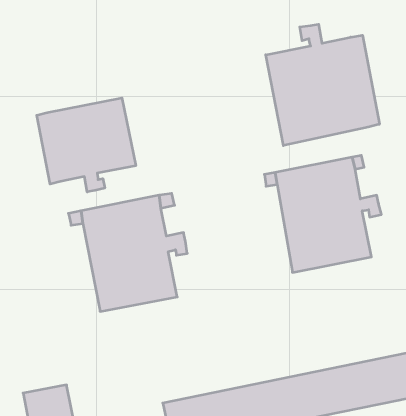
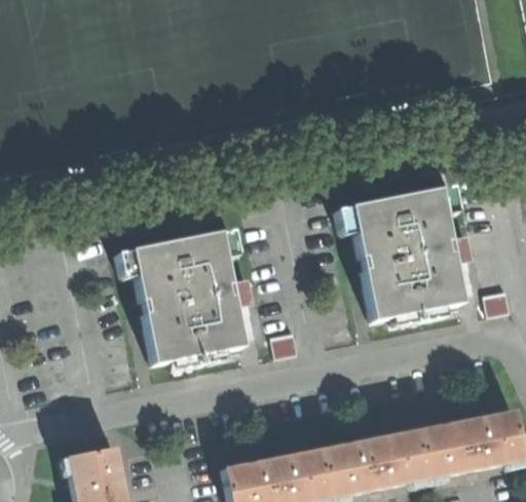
building: [266,24,379,146] -> none
building: [37,98,136,192] -> none

